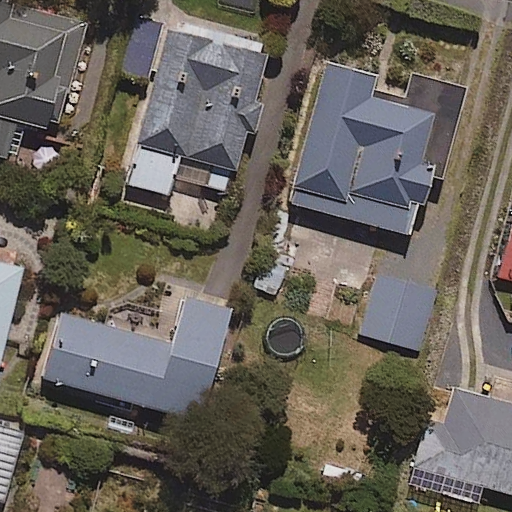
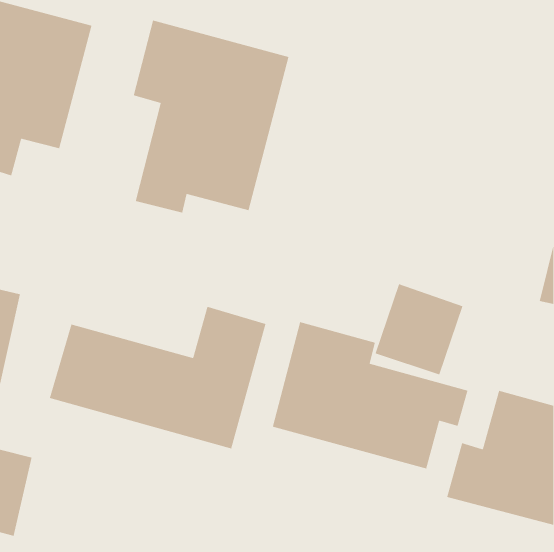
building: [287,69,464,241] -> none
building: none -> [272,321,468,469]

